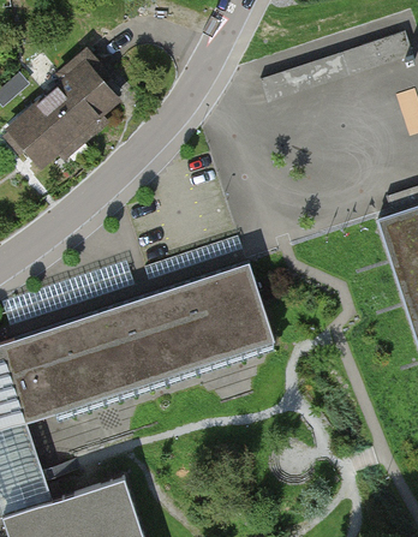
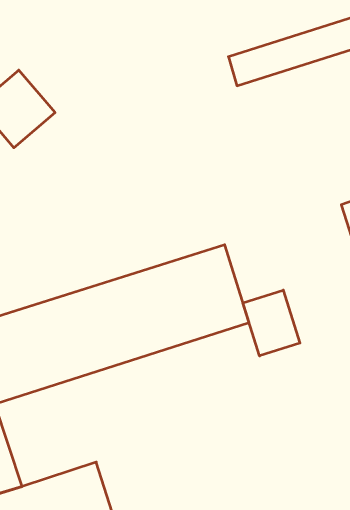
building: [49,58,126,133] -> none
building: none -> [243,290,300,356]

